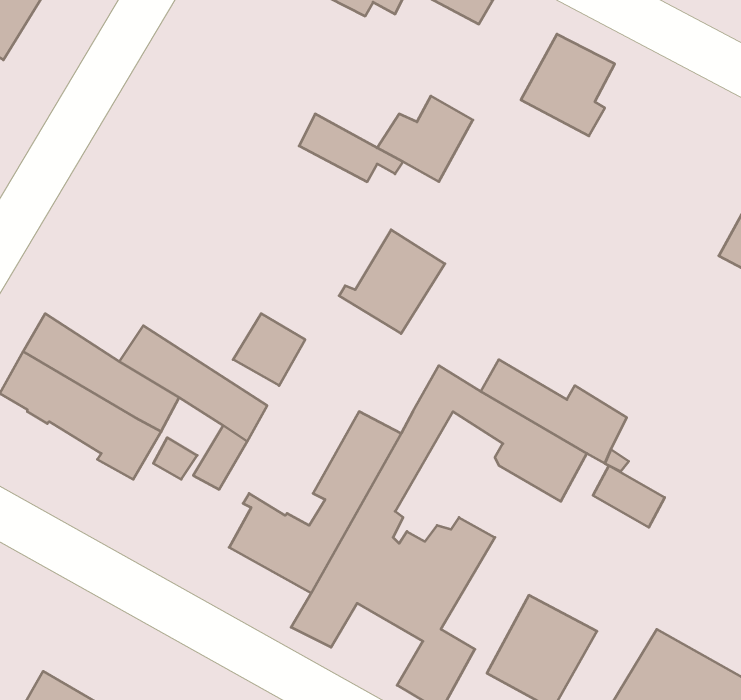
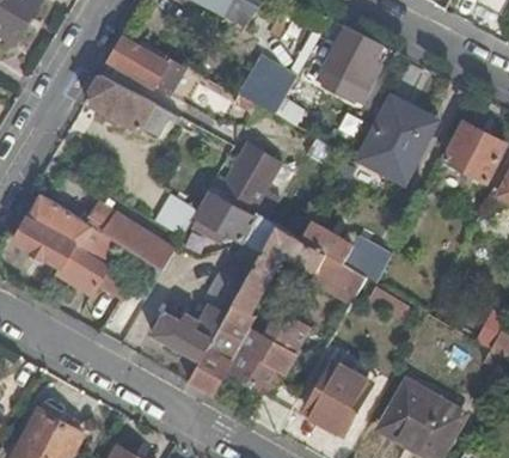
building: none -> [109,33,166,90]
building: none -> [85,74,178,139]
building: none -> [360,99,433,182]
building: none -> [197,194,276,254]

